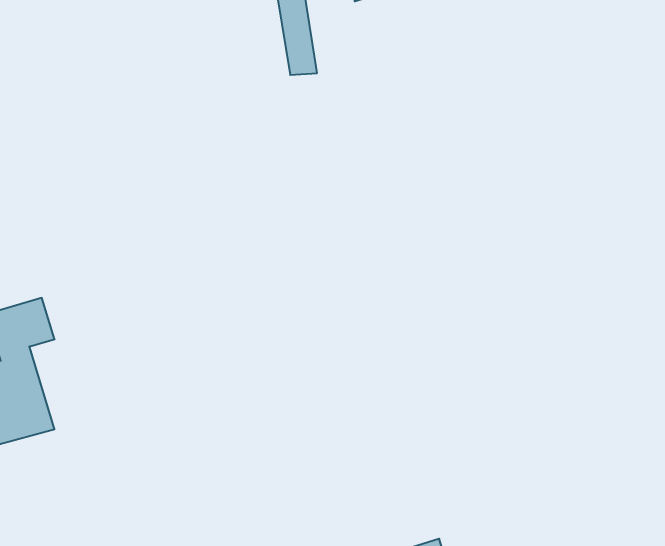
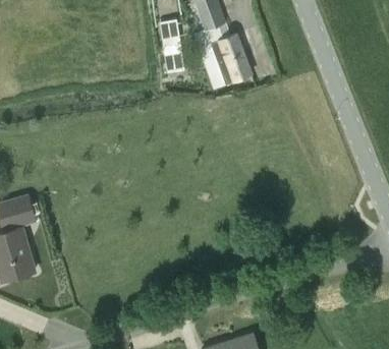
building: none -> [212,35,252,83]

